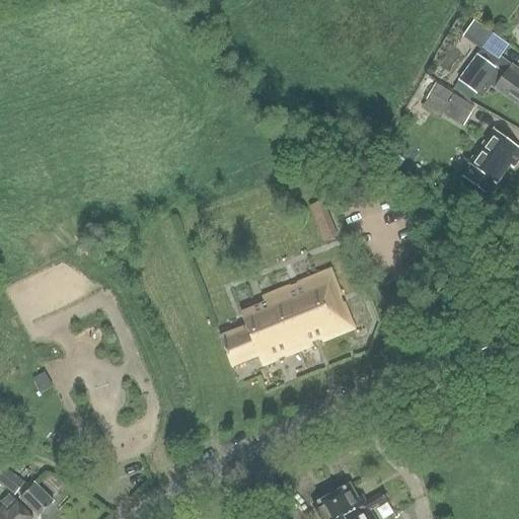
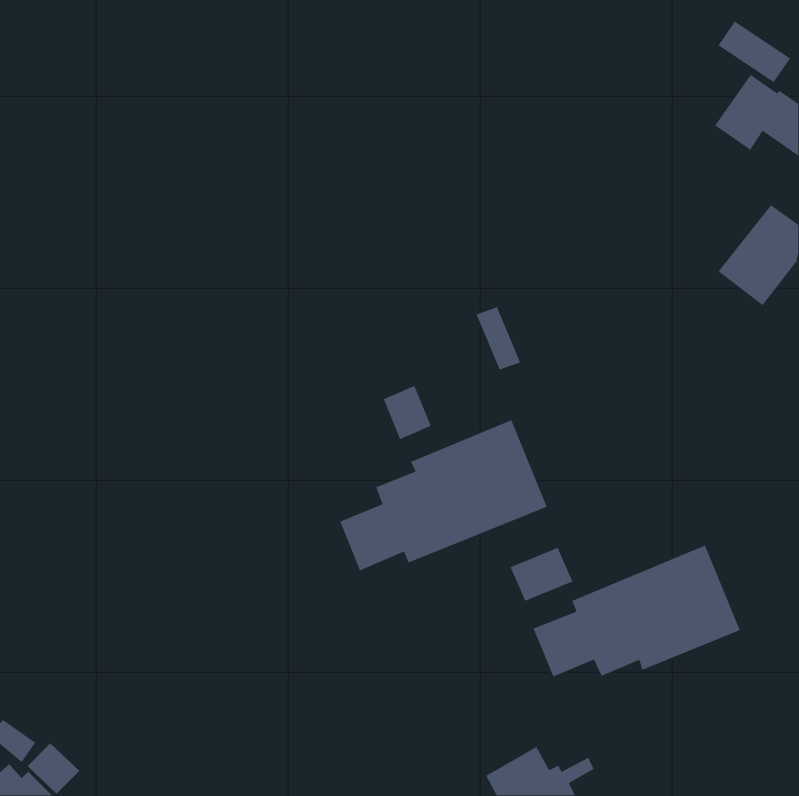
building: [425,80,473,123] -> none
building: none -> [383,385,432,440]
building: none -> [532,544,741,677]
building: none -> [509,547,574,602]

